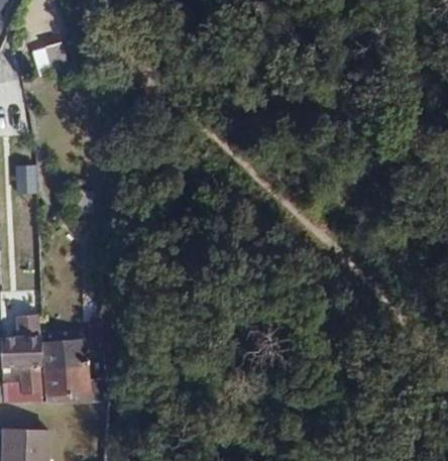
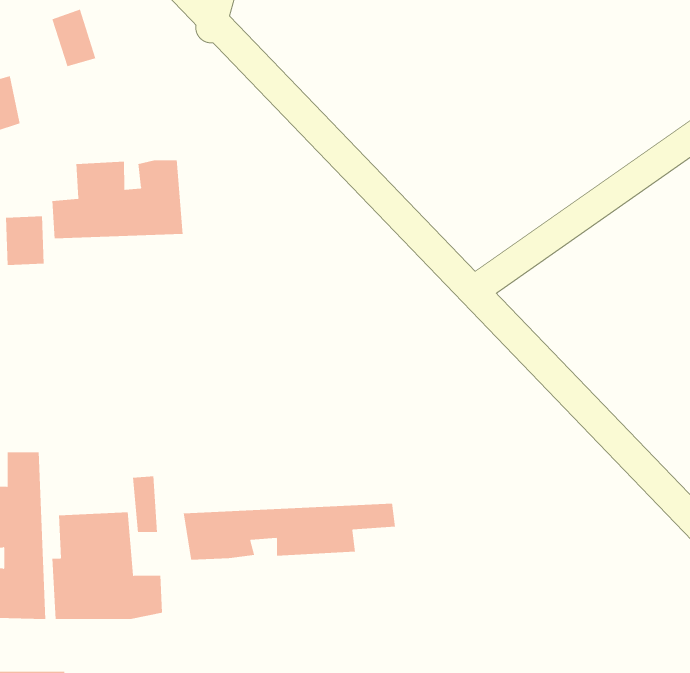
building: none -> [52,160,183,239]
building: none -> [183,503,395,560]

